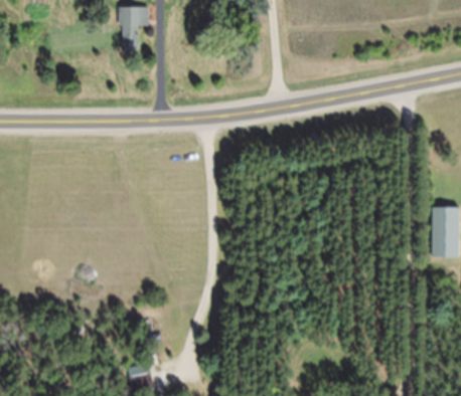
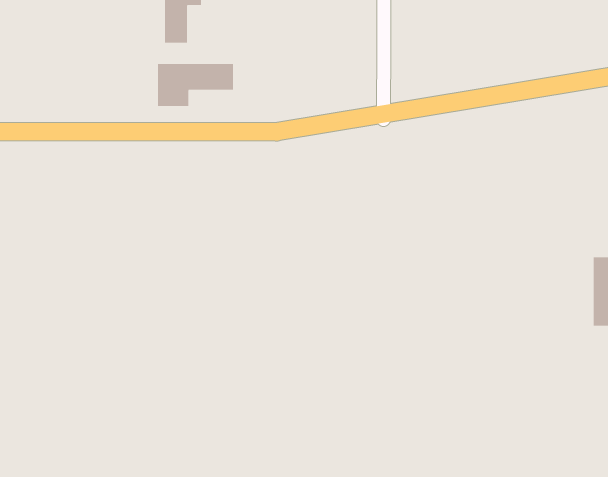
building: none -> [157,63,233,107]

